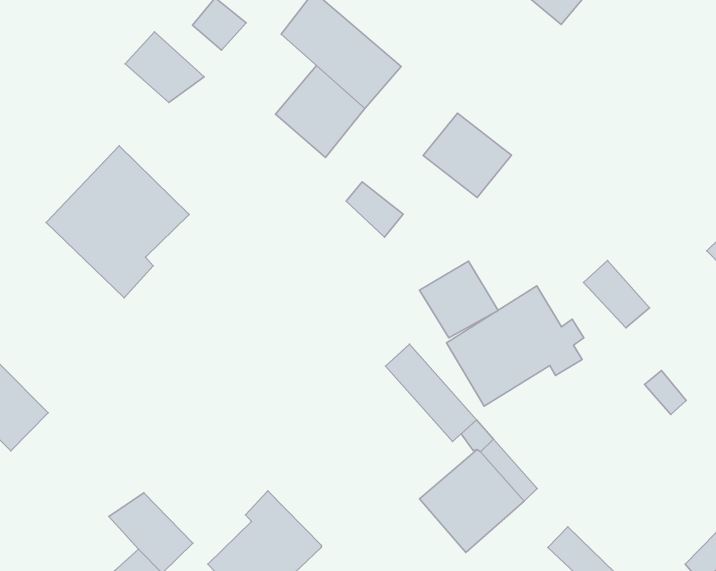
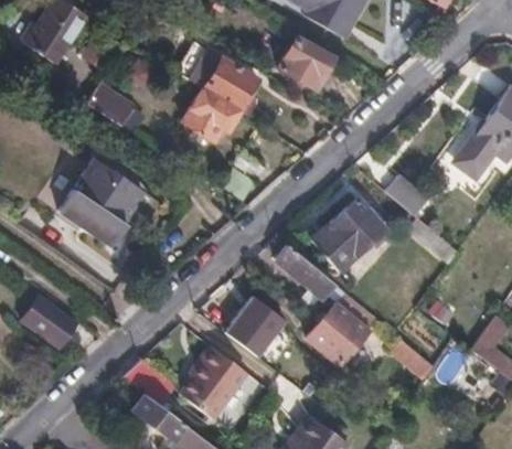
building: [423,113,512,198] -> [279,40,332,88]
building: [419,261,498,338] -> none
building: none -> [225,296,284,355]

